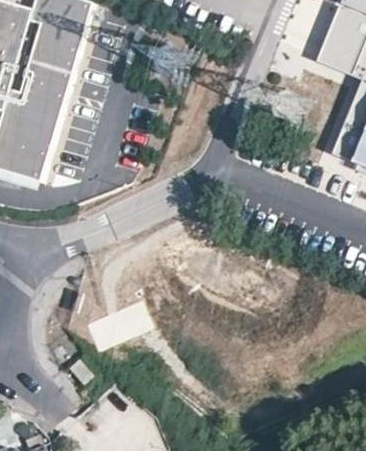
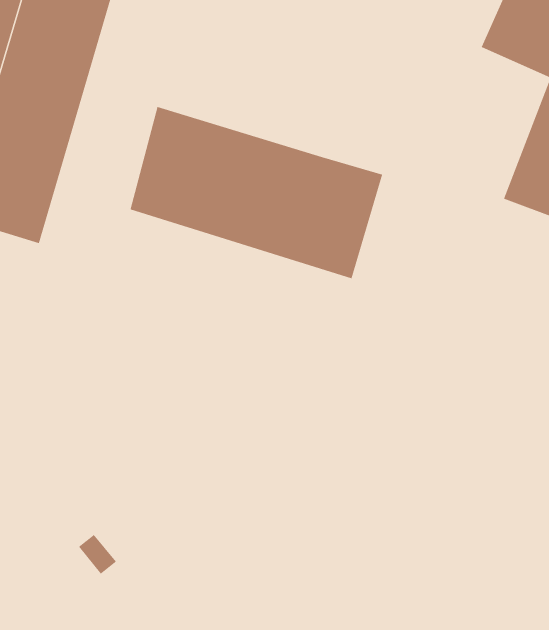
building: none -> [130,106,383,279]

